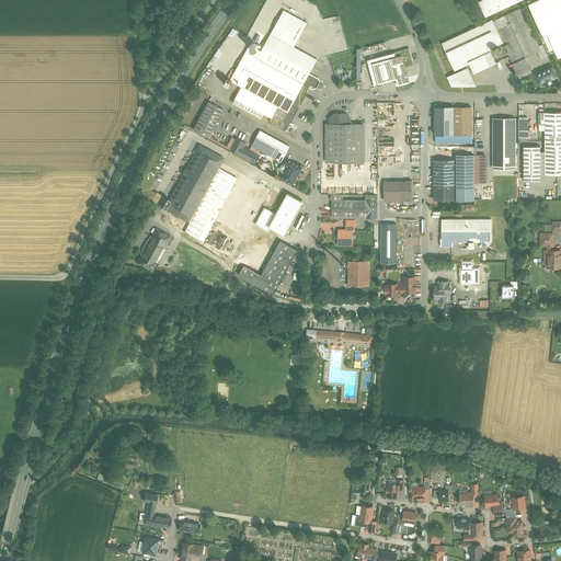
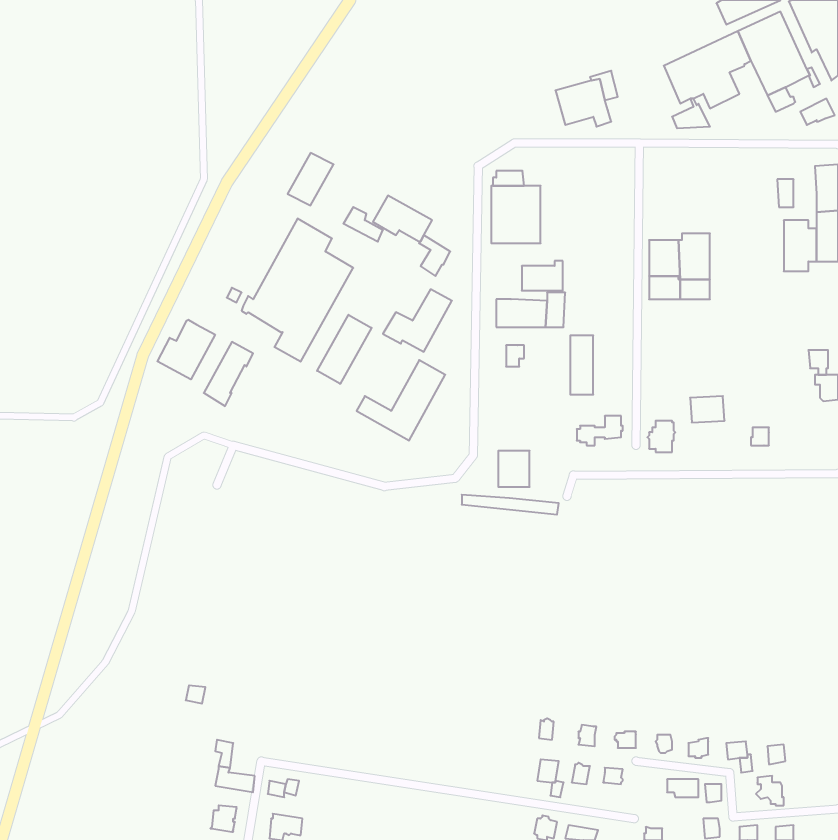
building: [222,10,323,130] -> none
building: [434,107,470,135] -> none
building: [492,117,515,167] -> none
building: [383,181,411,201] -> [522,261,563,291]
building: none -> [317,315,372,384]
building: none -> [157,320,215,379]
building: [440,219,491,247] -> none
building: [347,261,368,285] -> [498,451,530,487]

